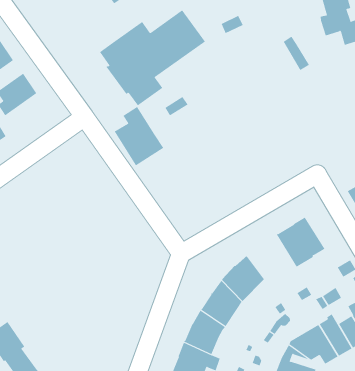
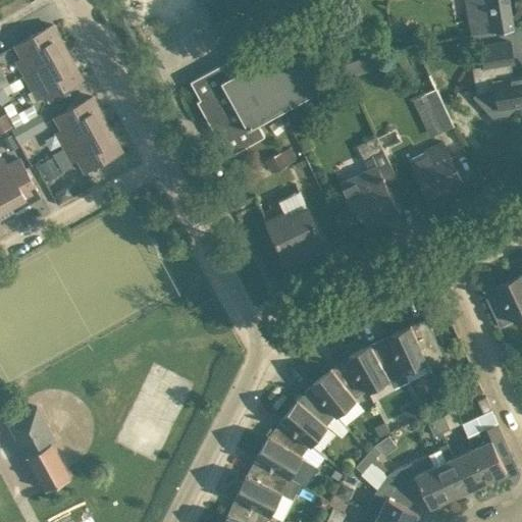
building: none -> [411,145,462,201]
building: none -> [335,139,400,230]
building: none -> [63,126,122,174]
building: [114,106,164,166] -> [266,194,327,269]
building: none -> [348,338,408,393]

